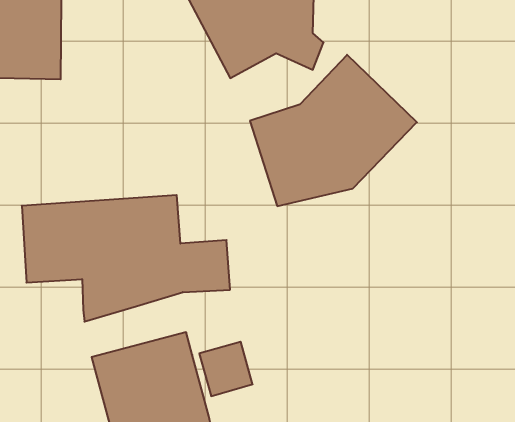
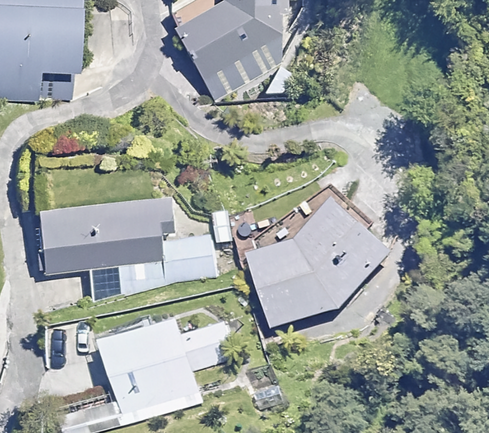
building: [250,55,417,206] -> [250,195,391,323]

